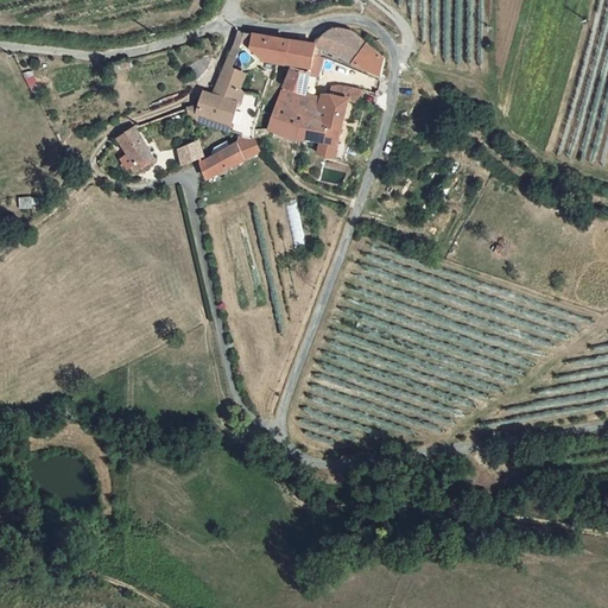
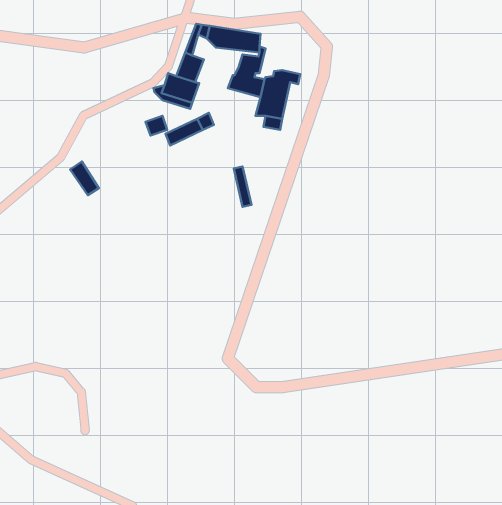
building: [311,30,382,77] -> none
building: [266,107,312,140] -> none
building: [116,128,151,169] -> [70,162,99,195]

